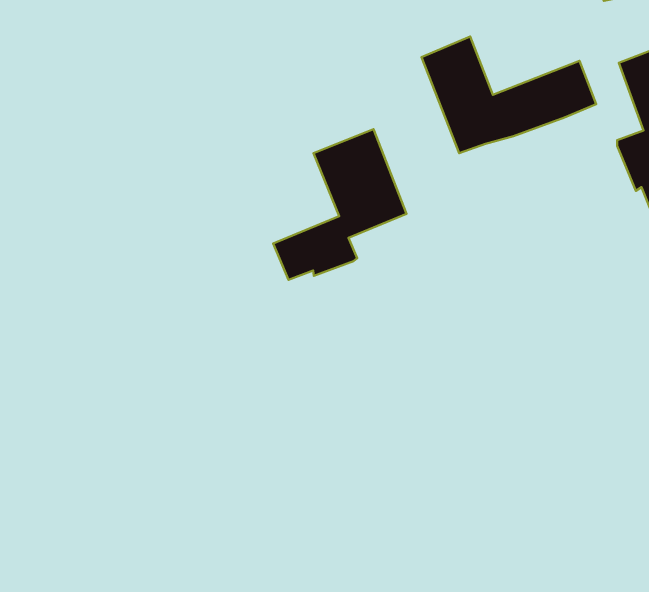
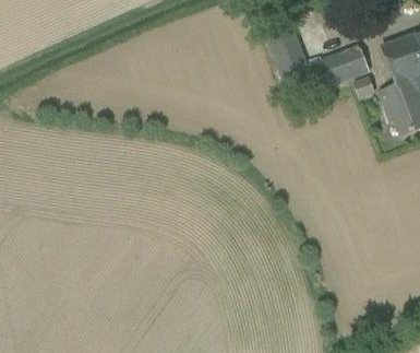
building: [273,129,406,280] -> none

